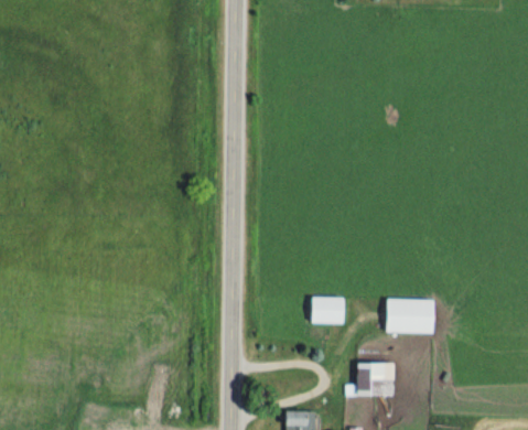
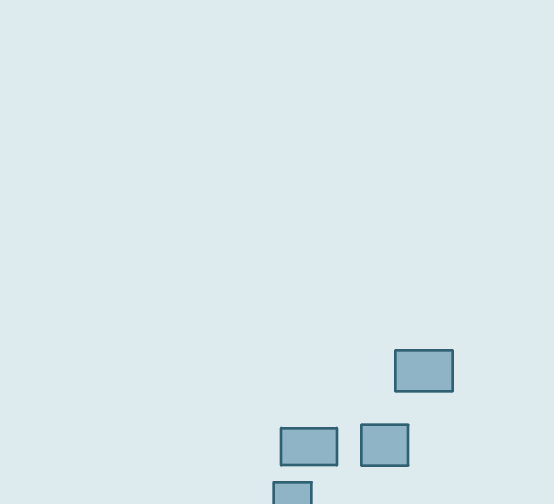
building: [312,297,344,323] -> none
building: none -> [281,428,337,465]

